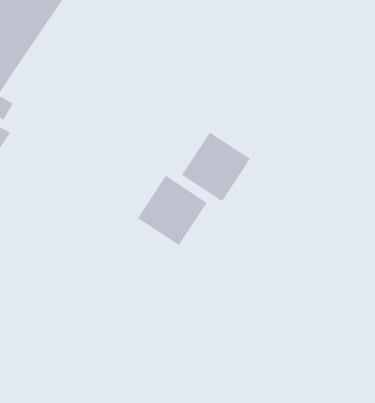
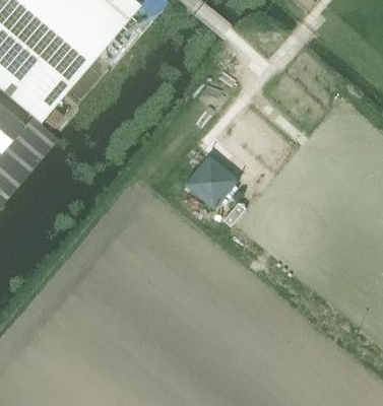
building: [137,175,208,246] -> none

